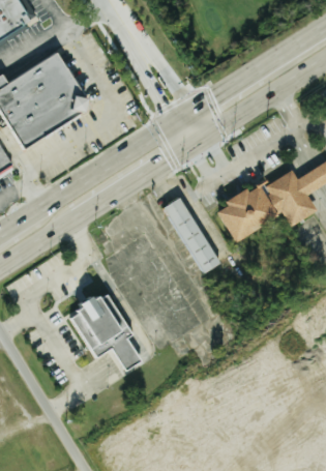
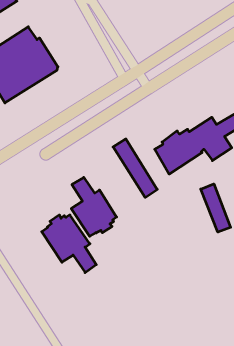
building: none -> [71,177,117,236]
building: none -> [201,184,231,232]

